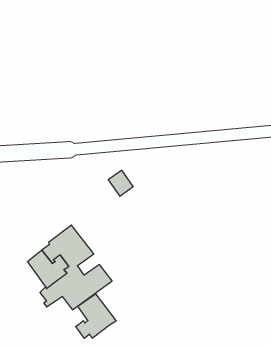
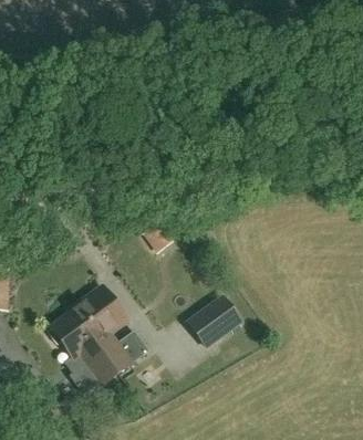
building: none -> [188,295,240,346]
building: [76,294,116,338] -> none

